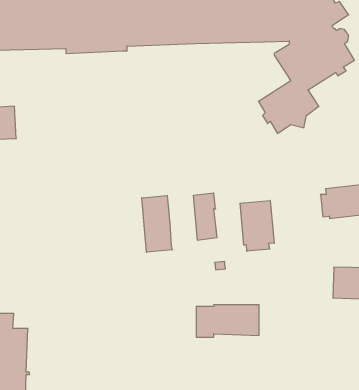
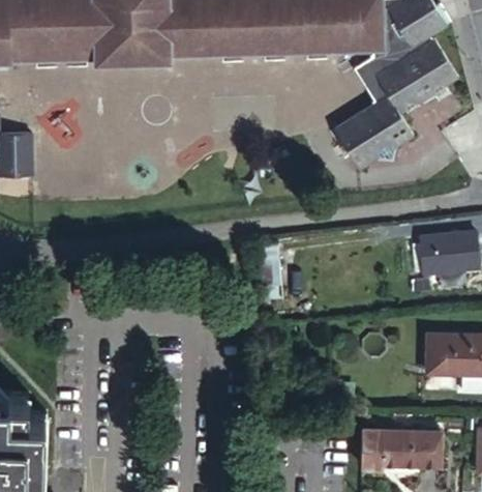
building: [142,195,172,252] -> none
building: [240,200,274,251] -> none
building: [196,305,259,337] -> [359,427,438,467]

